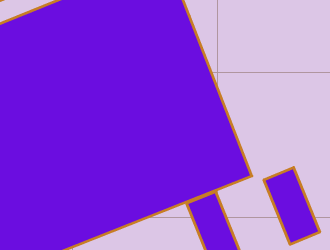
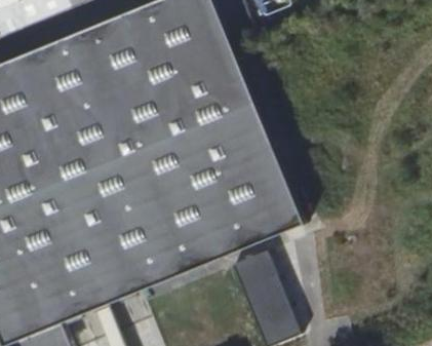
building: [264,167,320,244] -> none

